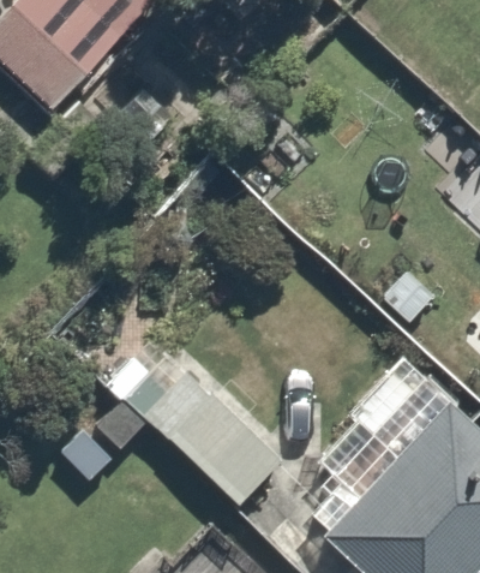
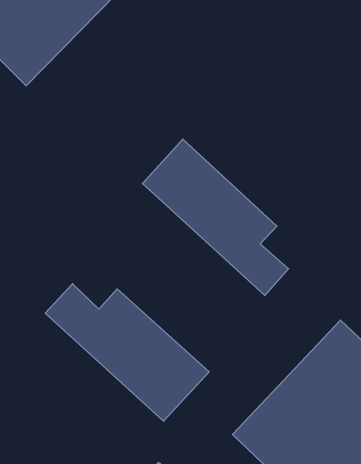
building: none -> [142,139,289,295]

